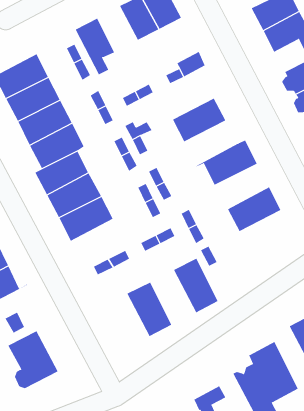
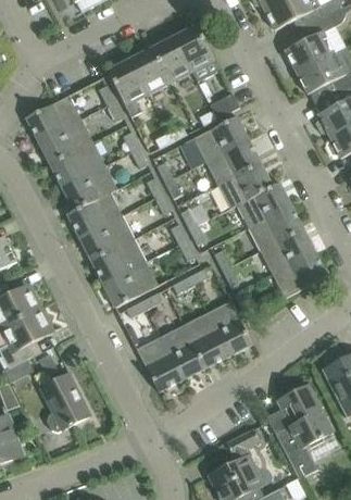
building: none -> [130,47,171,93]
building: none -> [193,115,248,161]
building: none -> [217,162,272,208]
building: none -> [248,205,303,251]
building: none -> [273,252,327,298]
building: none -> [103,261,159,307]
building: none -> [184,312,229,367]
building: none -> [137,336,183,391]

